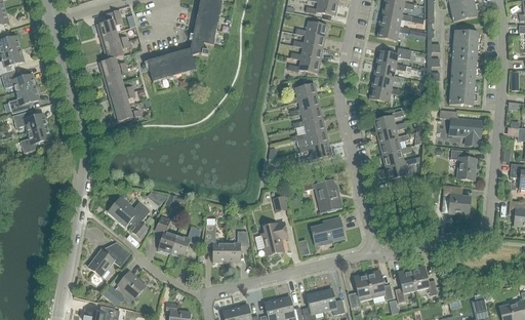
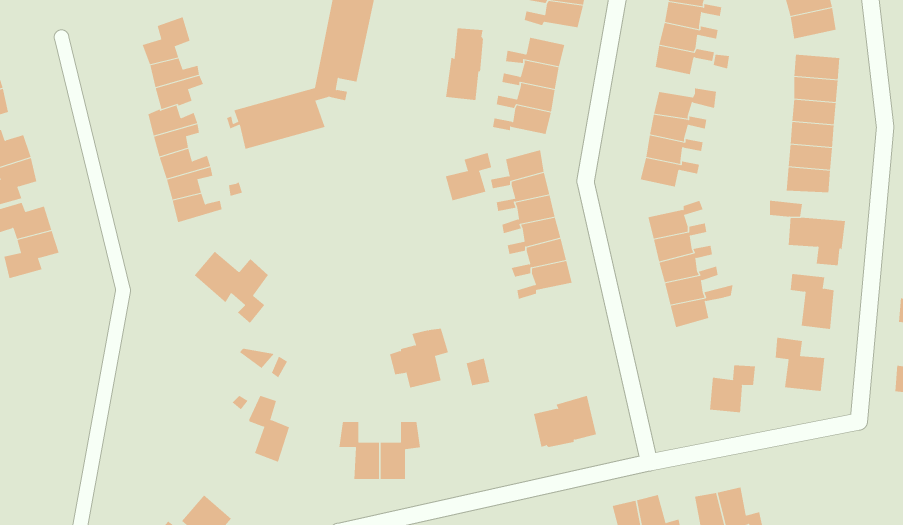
building: none -> [446,27,483,101]
building: none -> [445,152,492,201]
building: [300,177,339,211] -> none
building: [108,197,149,237] -> [194,251,269,324]
building: none -> [710,365,756,413]
building: [254,223,287,255] -> [389,328,449,388]
building: [170,227,200,257] -> none
building: [87,247,125,277] -> none

